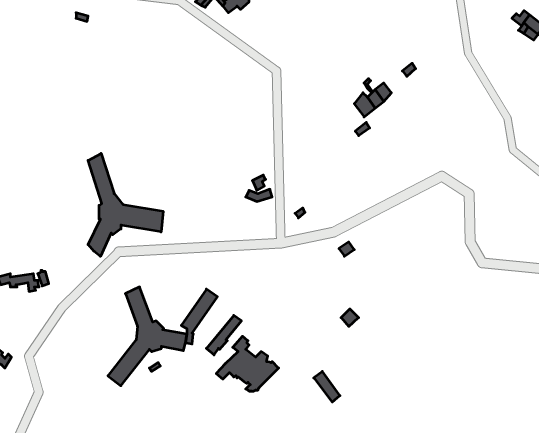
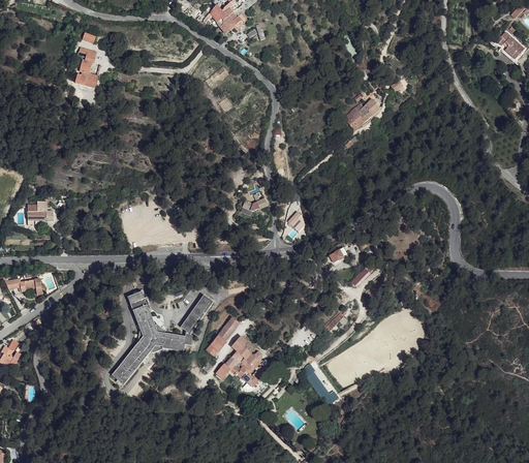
building: none -> [79,48,97,89]
building: [88,153,163,256] -> none
building: none -> [28,199,53,219]

